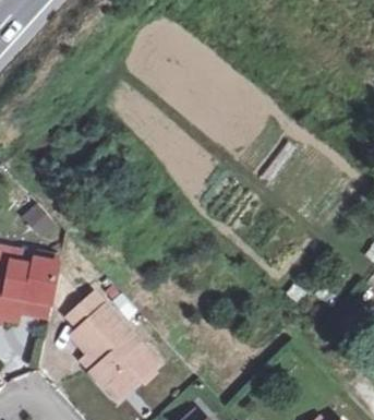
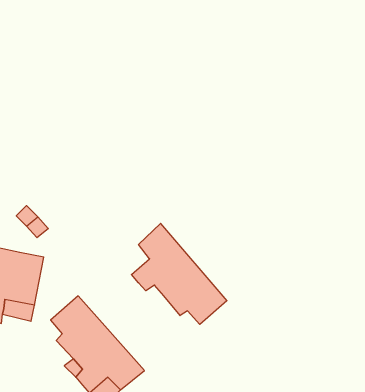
building: none -> [131,223,227,324]

